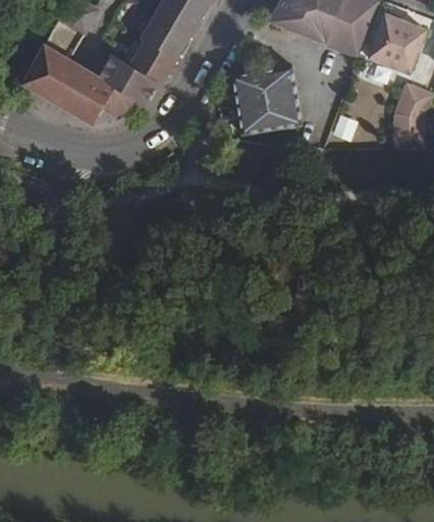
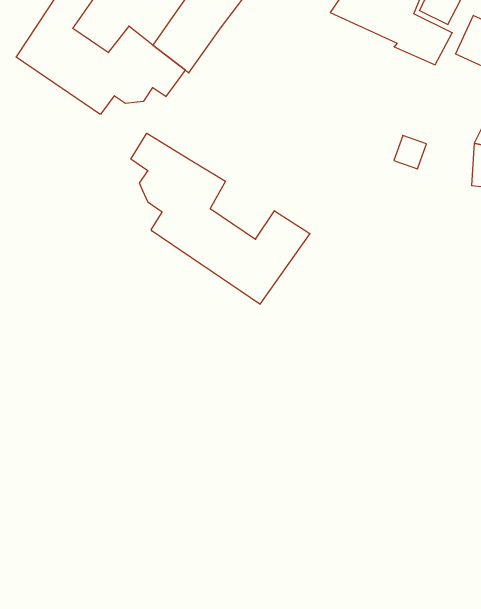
building: [237,66,305,135] -> none
building: none -> [131,133,310,304]

